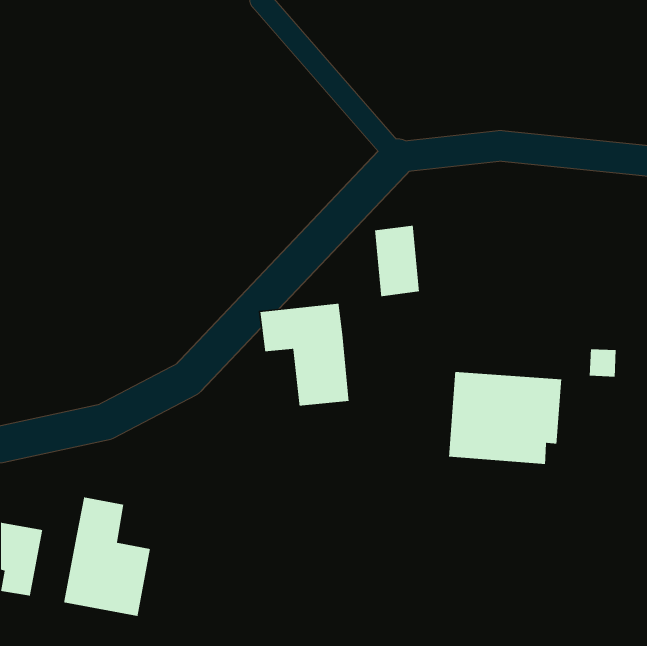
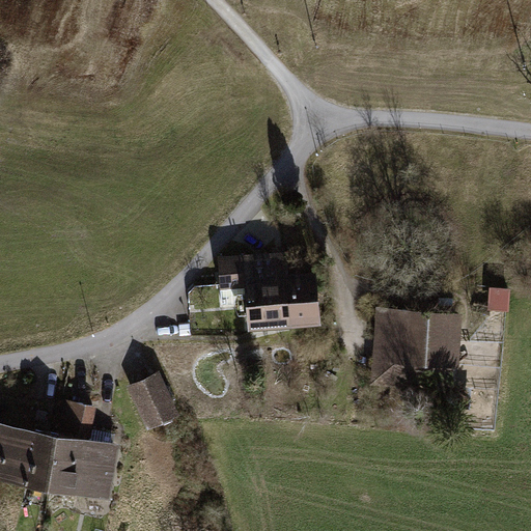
building: [374,225,420,297] -> [281,271,318,330]
building: none -> [124,367,179,427]
building: none -> [25,435,62,495]

